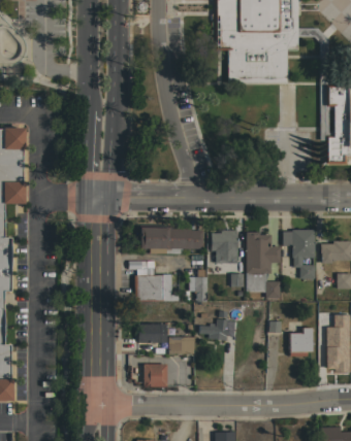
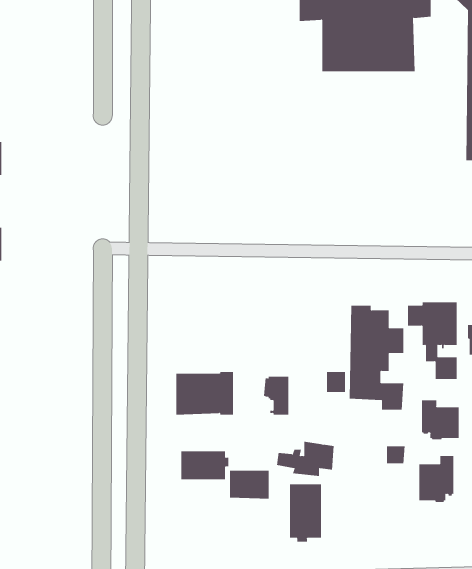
building: [140,227,203,252] -> none
building: [212,230,237,263] -> none
building: none -> [421,399,459,440]
building: none -> [290,483,321,543]
building: [143,363,167,386] -> none

